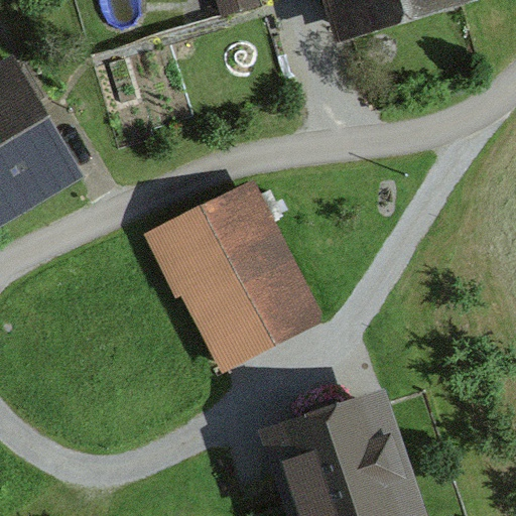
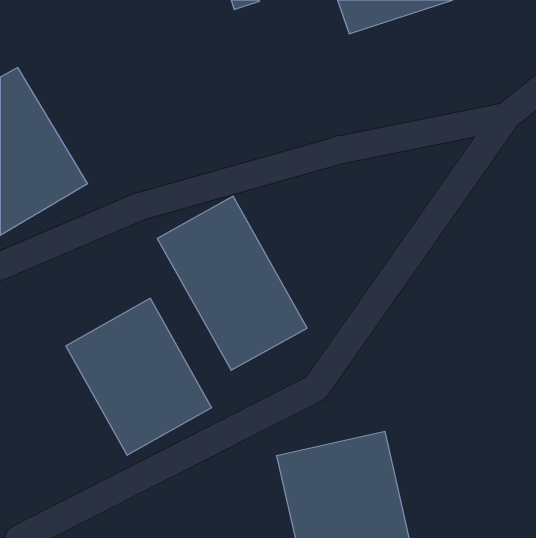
building: none -> [66,298,212,455]

